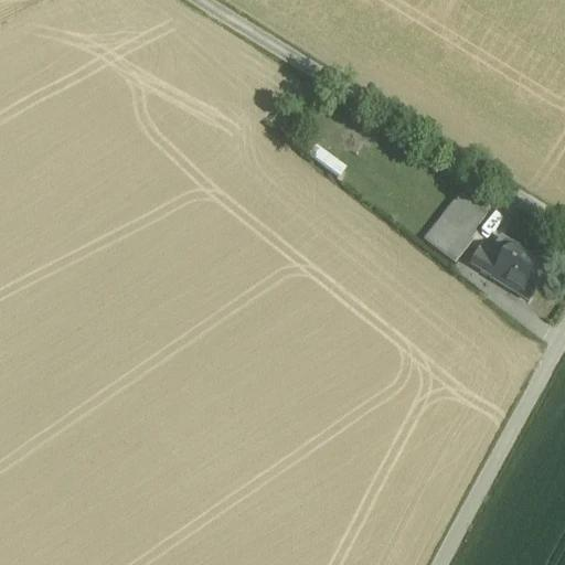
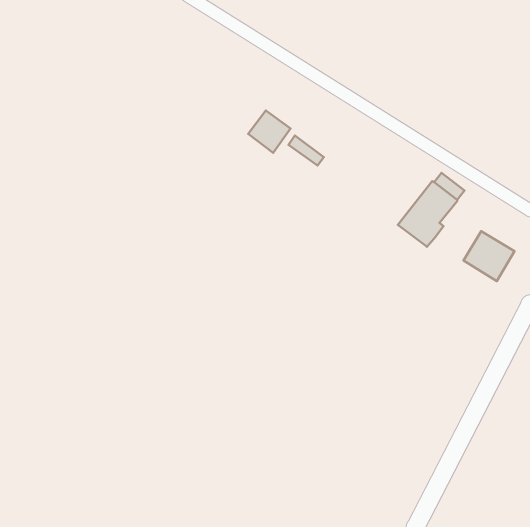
building: none -> [248,110,290,153]
building: [466,235,510,276] -> none

